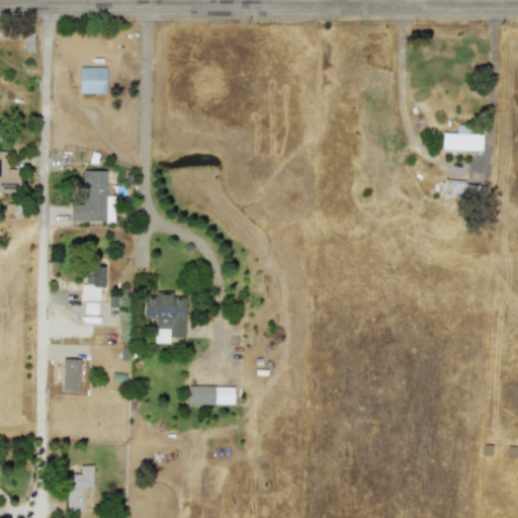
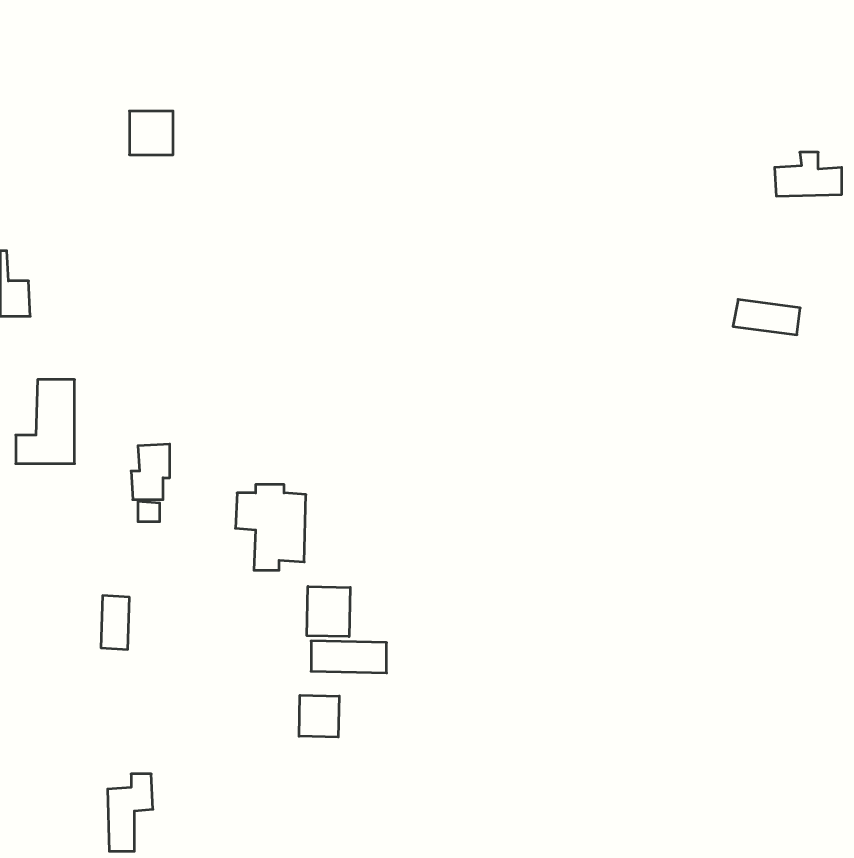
building: [443,125,484,152] -> [775,152,842,196]
building: [72,171,107,222] -> [16,380,75,464]
building: none -> [307,586,350,637]
building: none -> [299,695,339,737]

